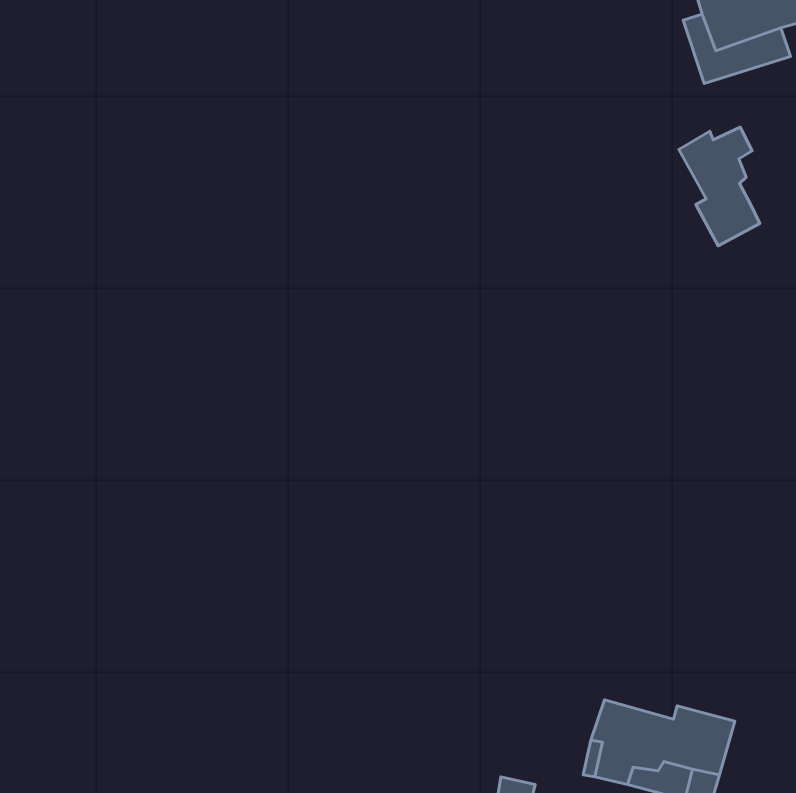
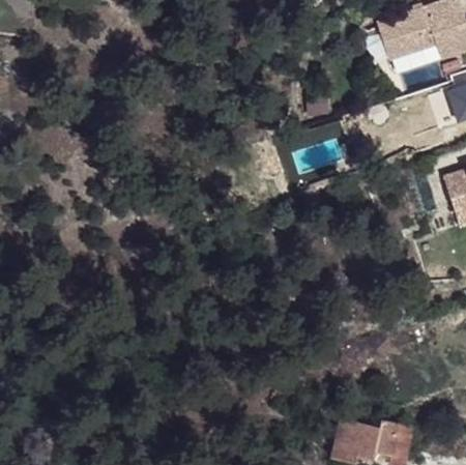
building: [679,127,760,246] -> none

